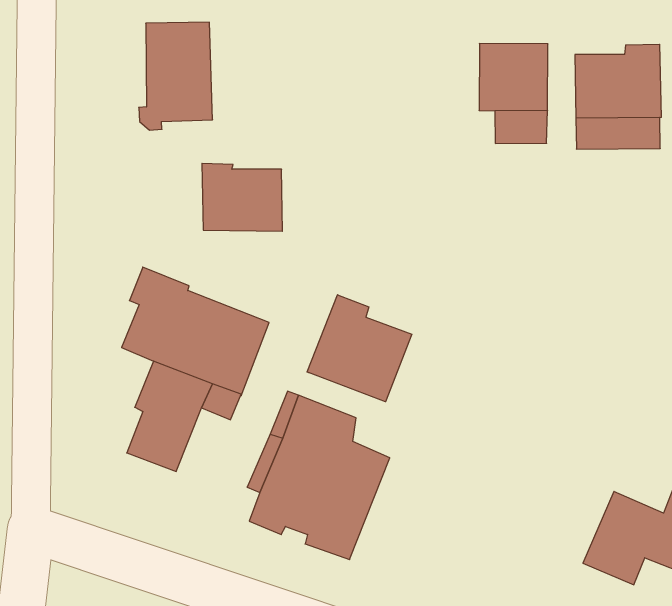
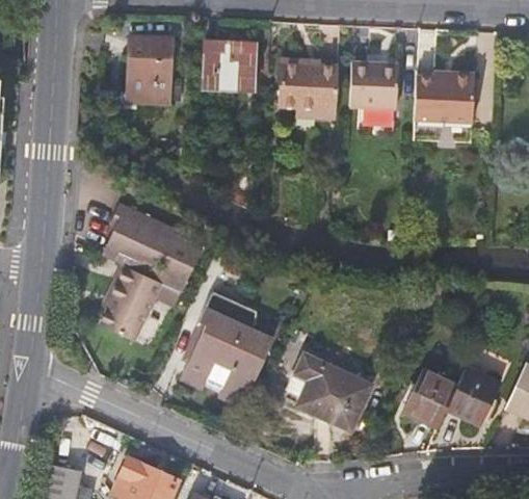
building: none -> [281,55,339,121]
building: [202,163,282,231] -> [203,41,258,89]
building: [307,295,412,402] -> none
building: none -> [289,353,373,428]

